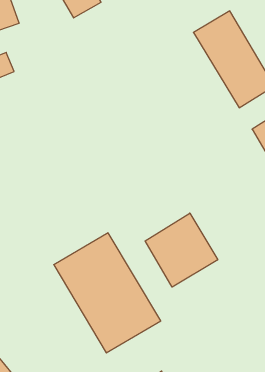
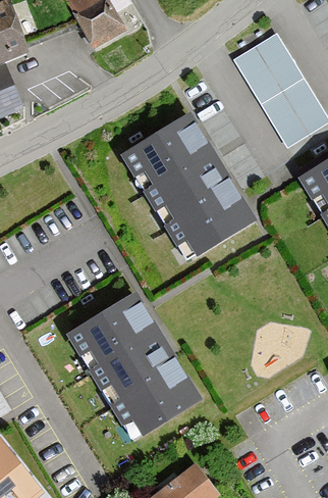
building: none -> [124,116,251,259]
building: [145,213,218,287] -> none

